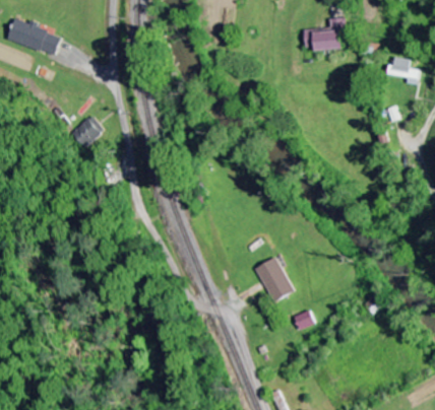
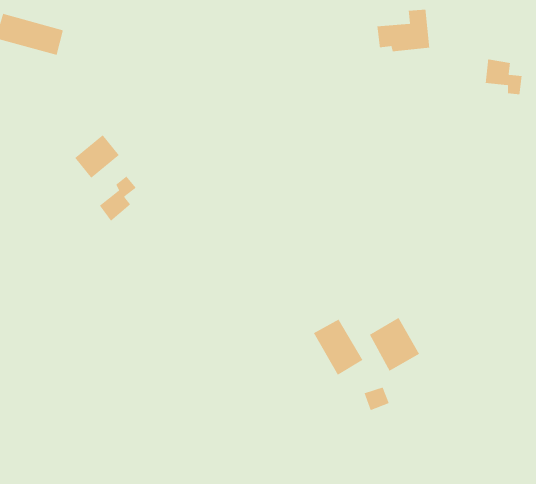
building: none -> [99,175,137,222]
building: none -> [369,317,420,372]

